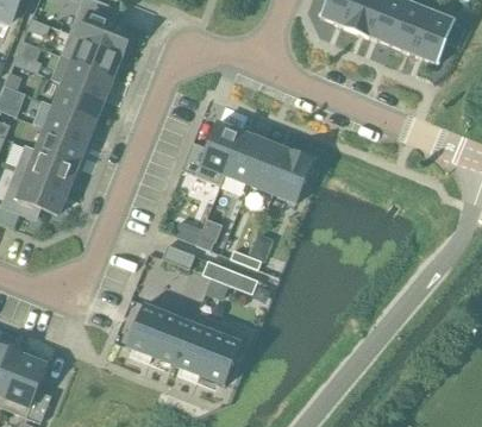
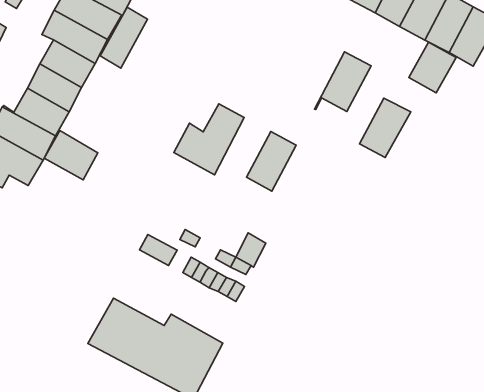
building: none -> [409,42,456,93]
building: none -> [100,7,148,68]
building: [220,131,265,184] -> [315,52,371,112]
building: [273,150,314,202] -> [360,98,411,158]
building: none -> [44,130,98,180]

